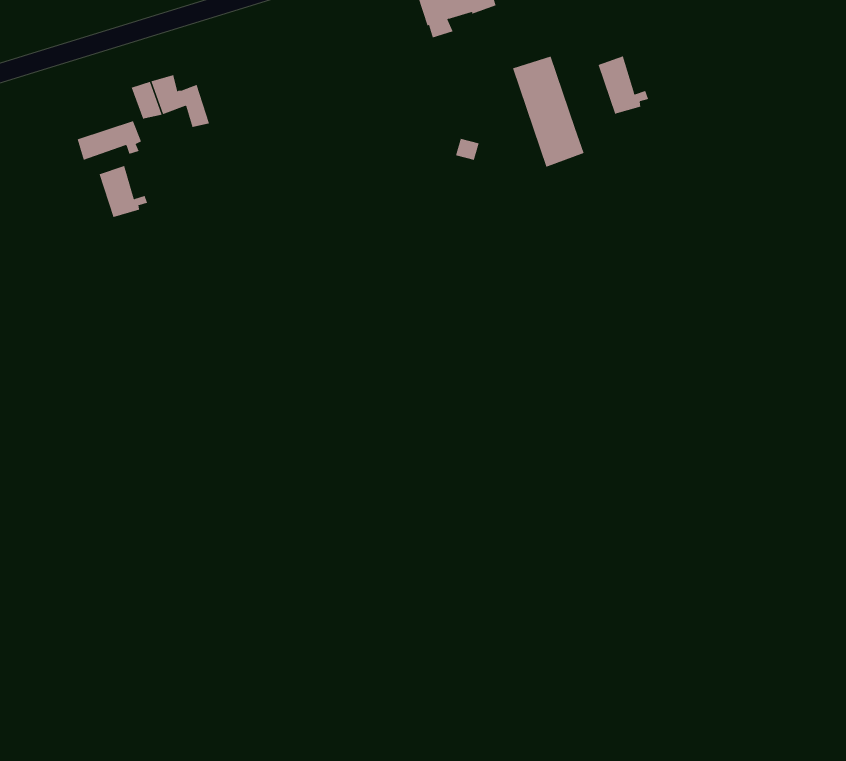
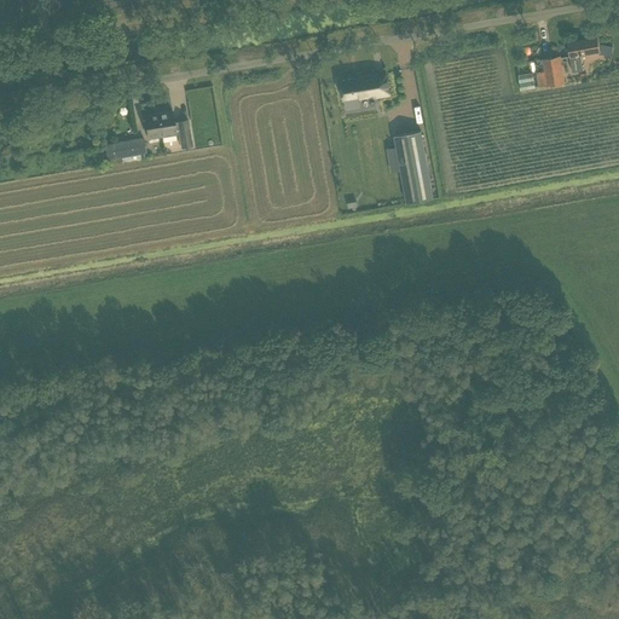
building: [598,56,649,115] -> none
building: [99,165,148,218] -> none

